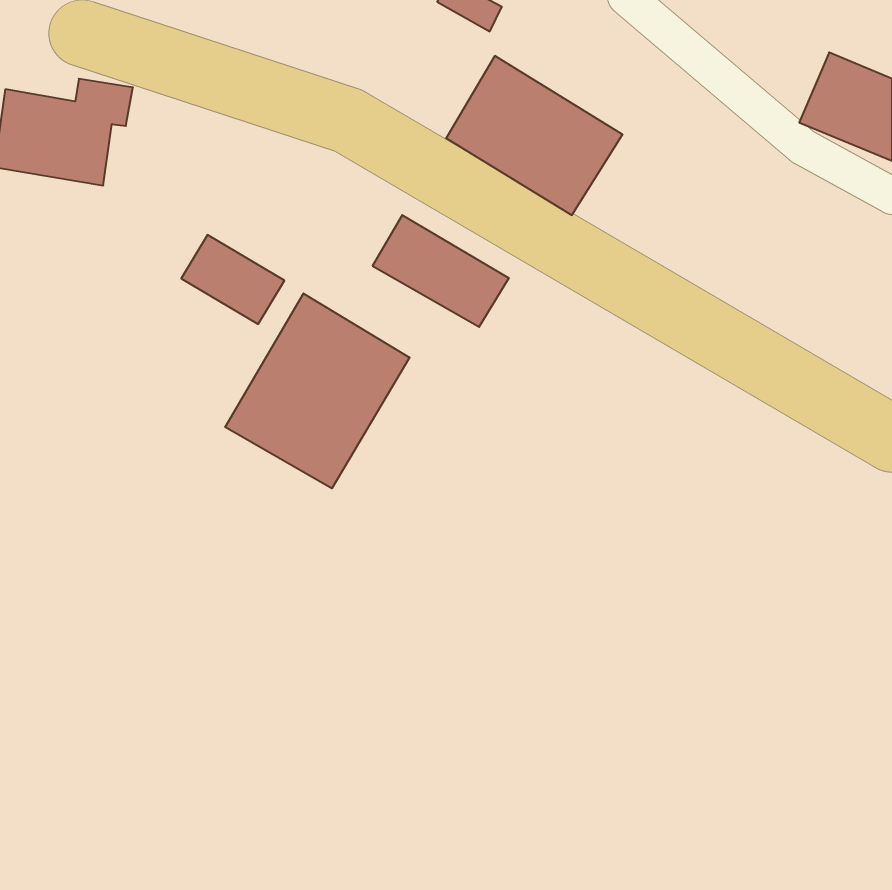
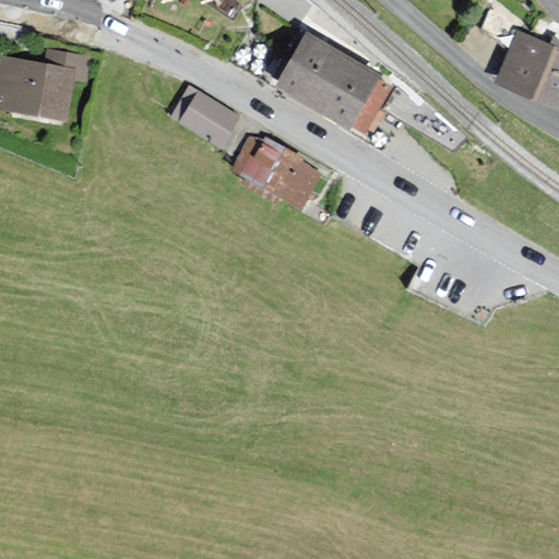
building: [181,235,284,324] -> [174,86,238,142]
building: [225,293,410,488] -> none

